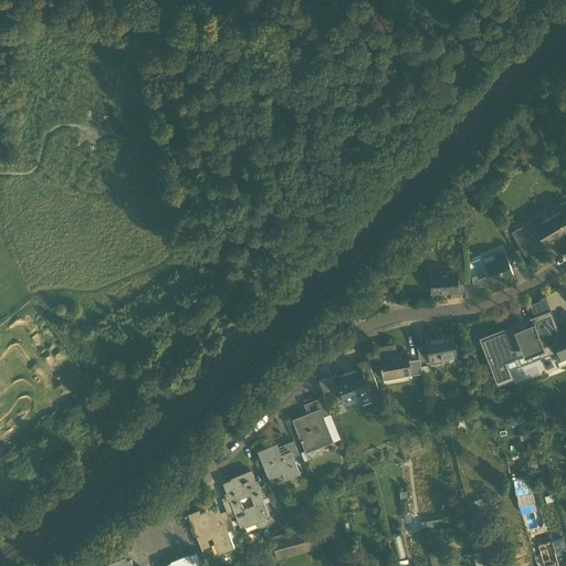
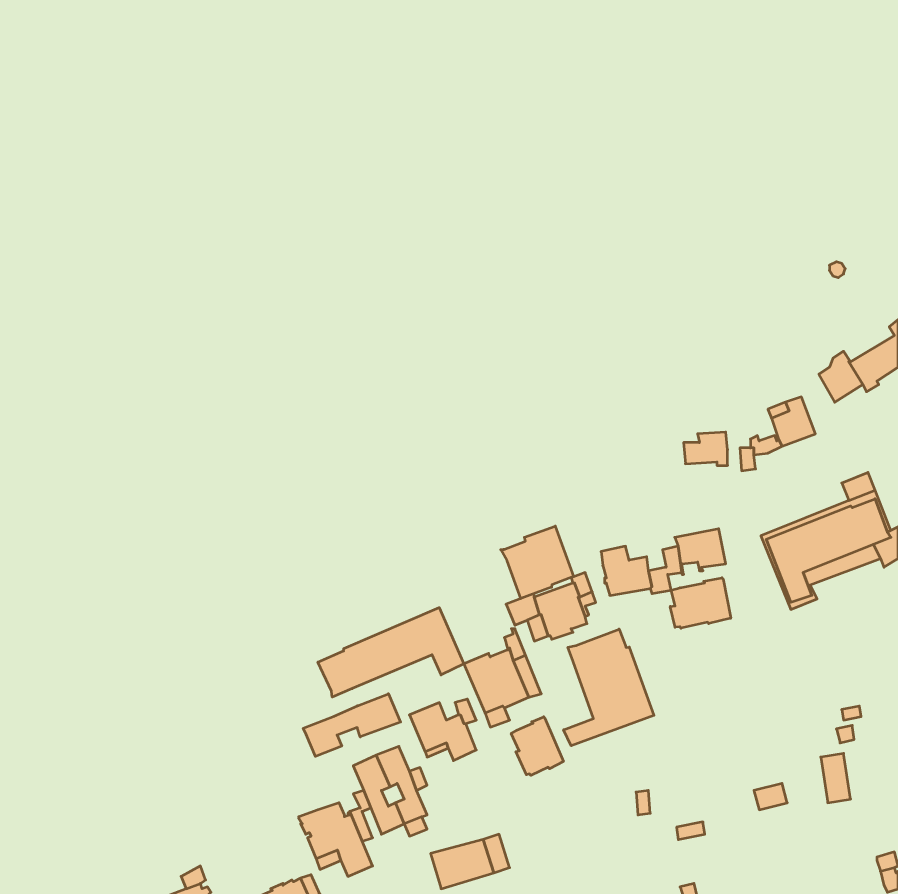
building: none -> [501,526,574,599]
building: none -> [670,578,731,628]
building: none -> [318,608,464,697]
building: none -> [564,629,654,746]
building: none -> [303,694,401,756]
building: none -> [511,717,563,775]

